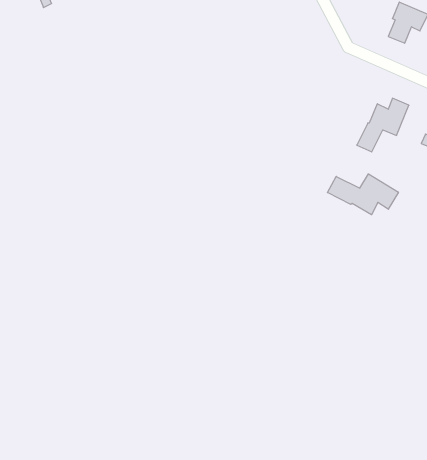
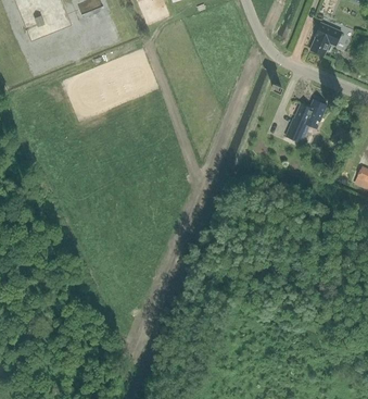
building: [327,174,398,215] -> none

